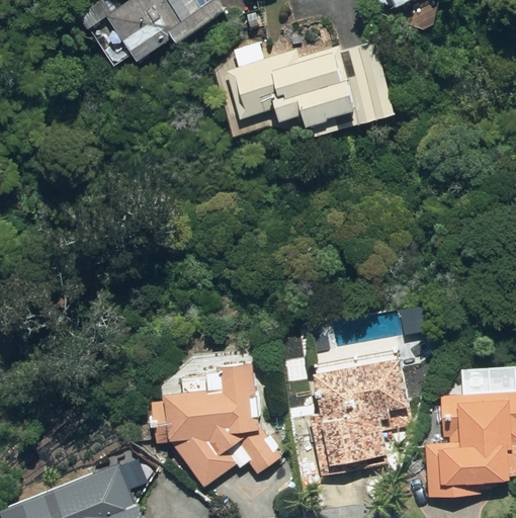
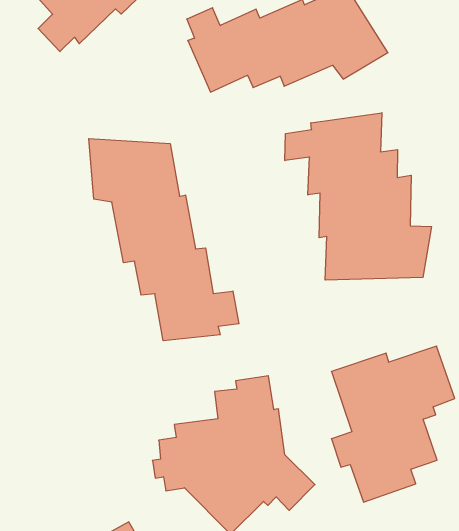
building: none -> [89,139,239,341]
building: none -> [285,113,432,280]

